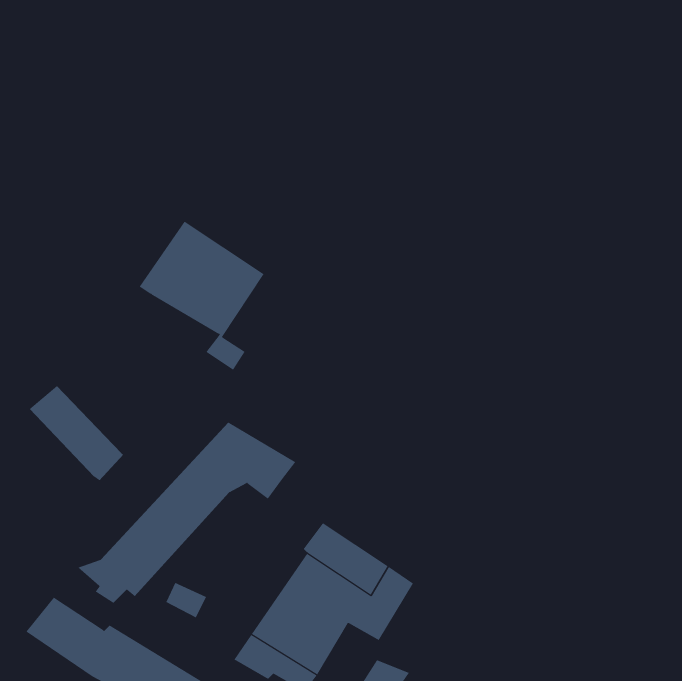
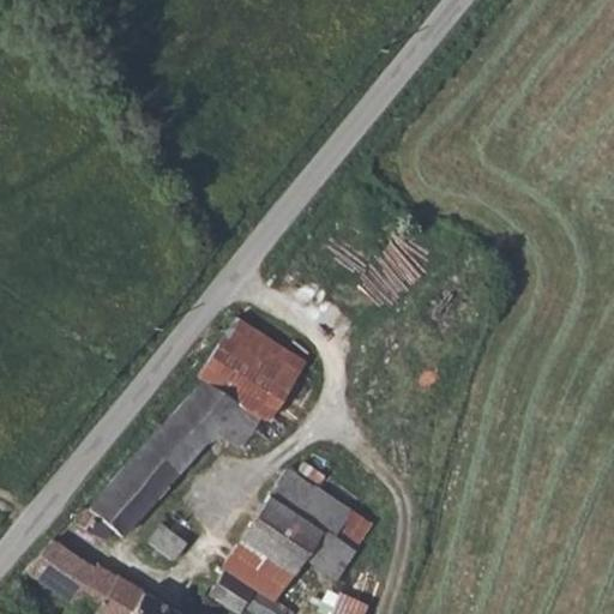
building: [139,221,264,370] -> [194,314,307,449]
building: [29,385,124,481] -> none

